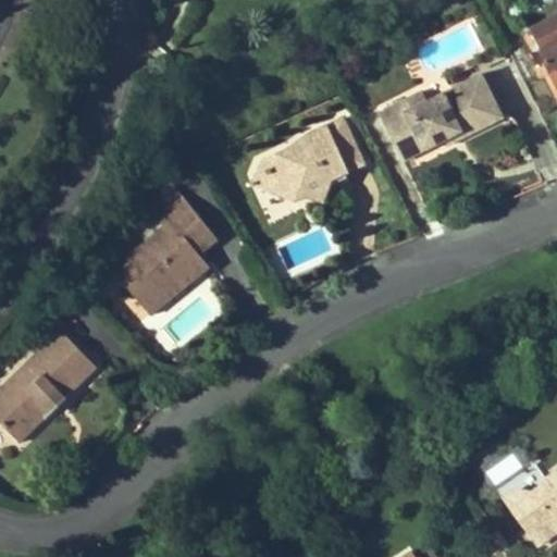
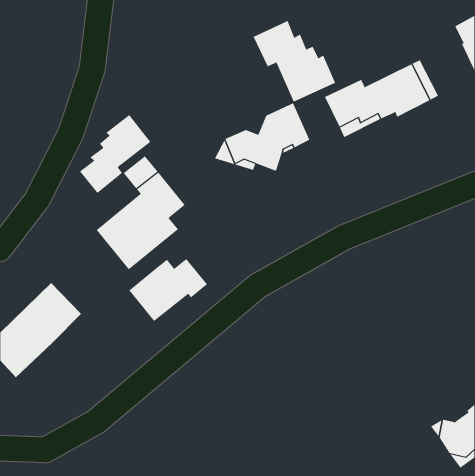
building: none -> [253,20,336,102]
building: none -> [79,114,151,194]
building: none -> [128,258,208,322]

